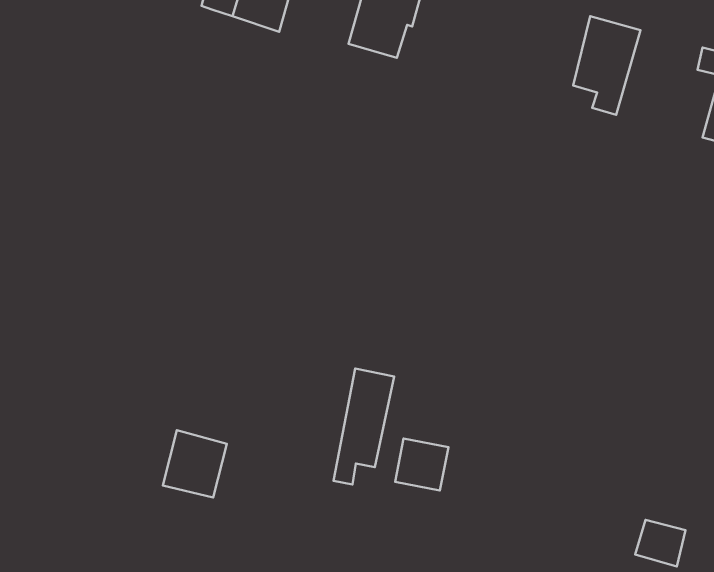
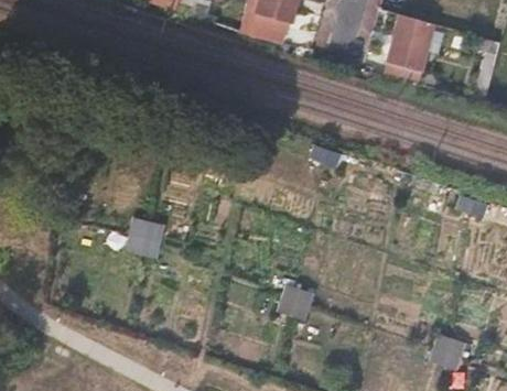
building: [333,368,394,484] -> none
building: [163,430,227,498] -> [125,214,165,257]

